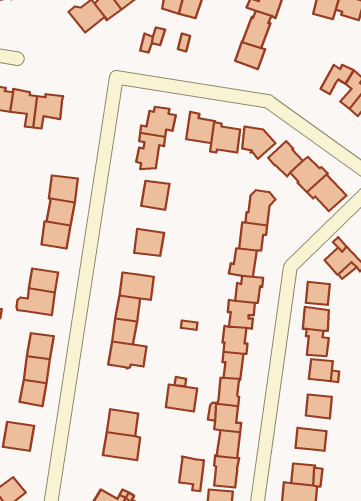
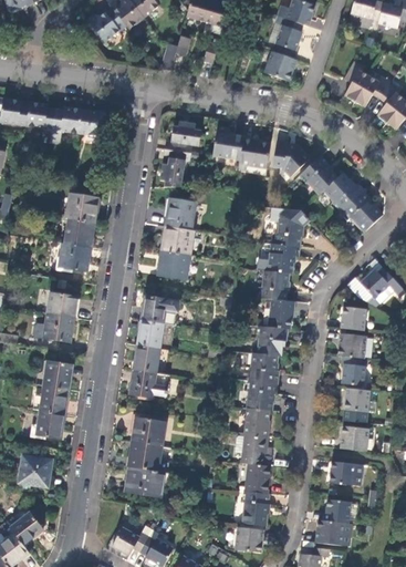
building: none -> [344,61,369,101]
building: none -> [79,110,107,136]
building: none -> [160,225,194,254]
building: [166,384,197,411] -> [132,416,165,445]
building: [179,456,204,491] -> none

